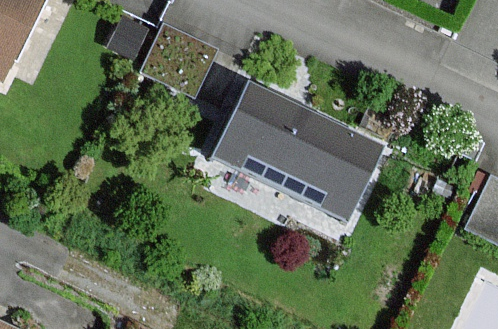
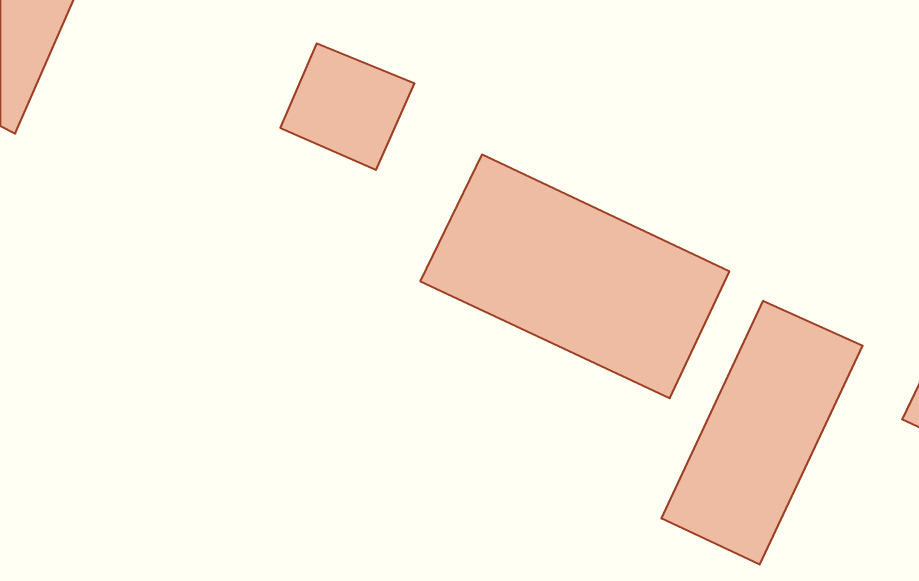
building: none -> [661,301,863,565]

